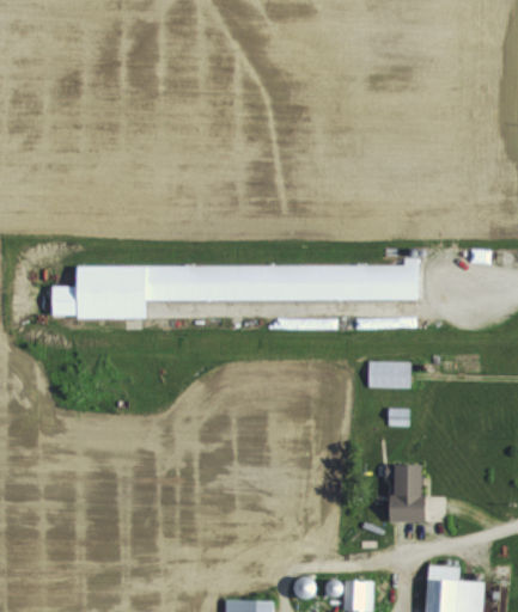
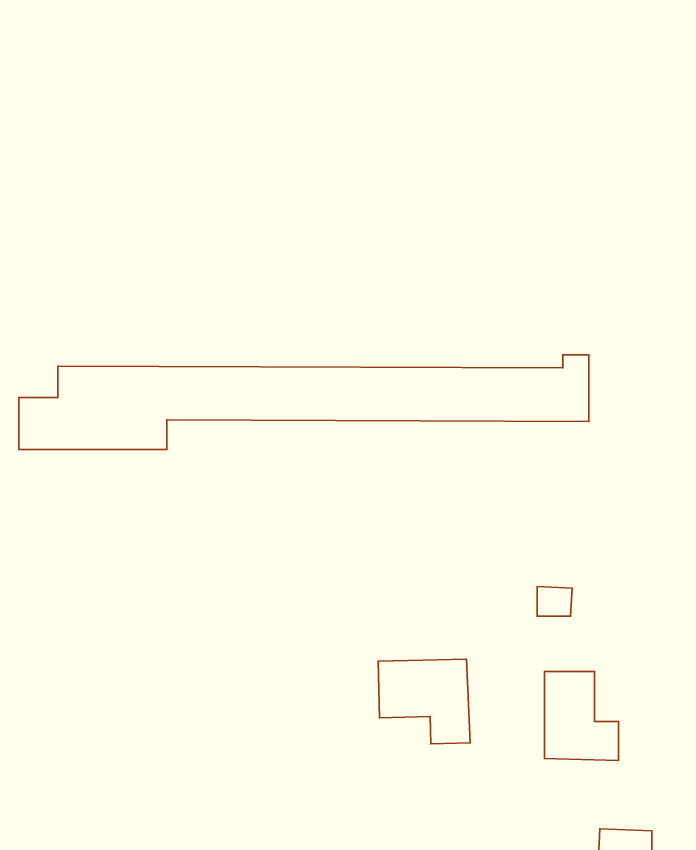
building: [367,361,412,388] -> none
building: none -> [378,659,470,744]

